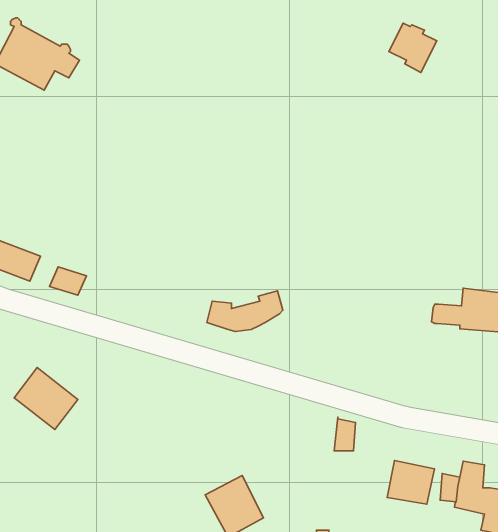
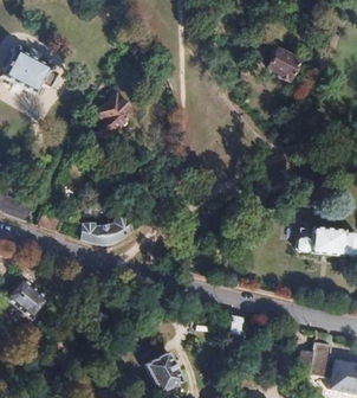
building: none -> [97,89,135,139]
building: [207,291,283,331] -> [80,216,131,243]
building: [387,460,434,504] -> none

